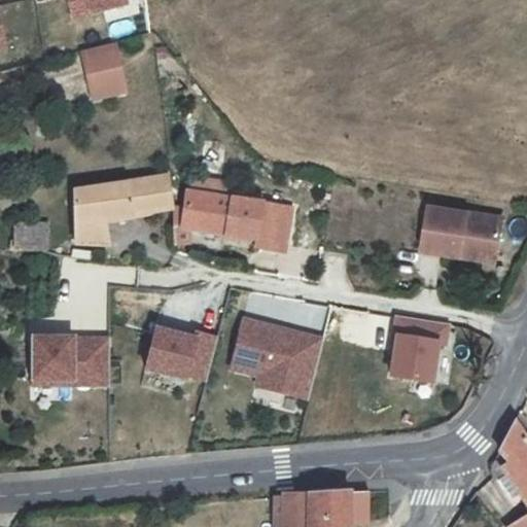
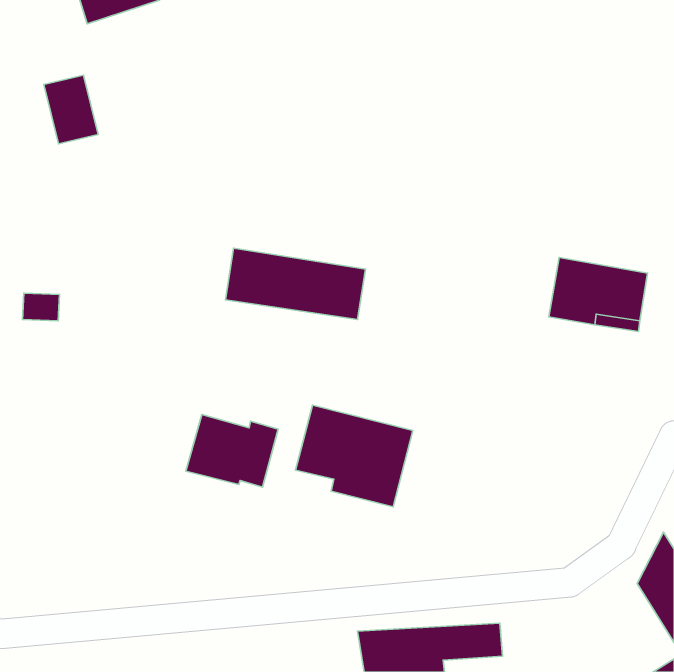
building: [81,45,124,99] -> [44,75,98,144]
building: [70,181,162,246] -> none
building: [390,315,450,380] -> none
building: [33,337,108,384] -> none

